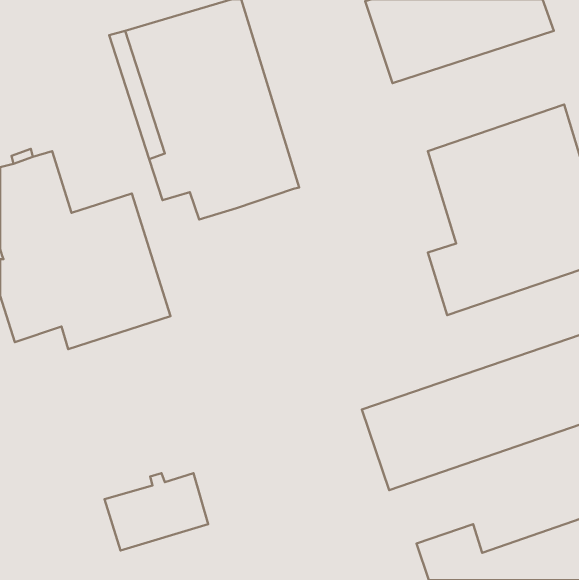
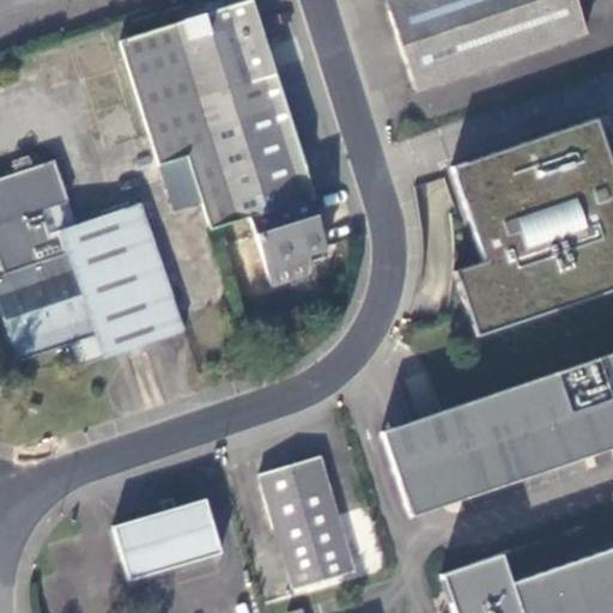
building: none -> [251,199,327,286]
building: none -> [261,455,354,587]

